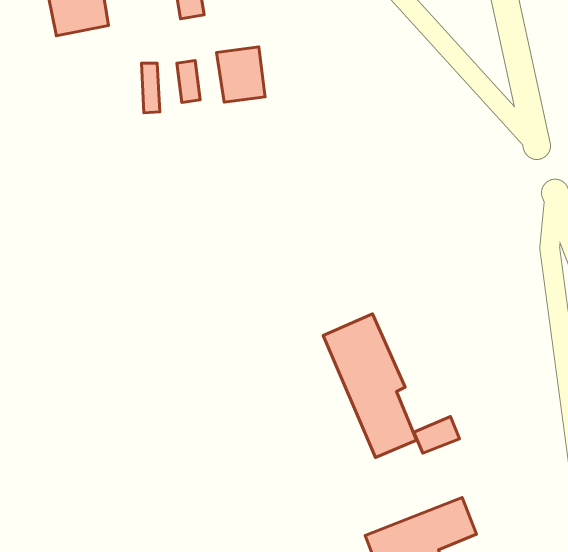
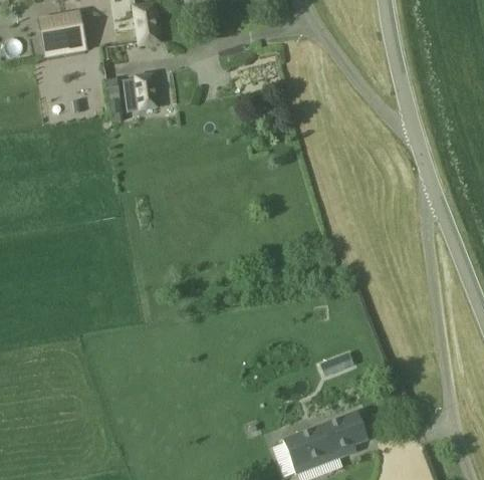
building: [217,47,265,102] -> none
building: [323,314,417,458] -> none

